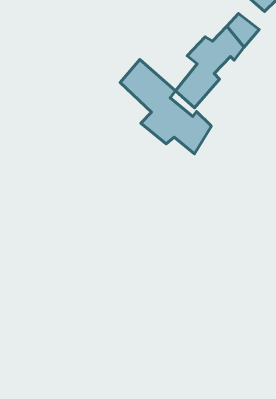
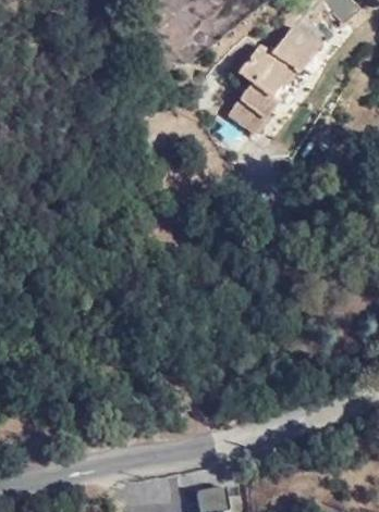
building: [120,59,211,154] -> none

